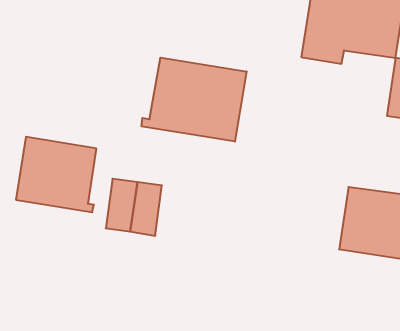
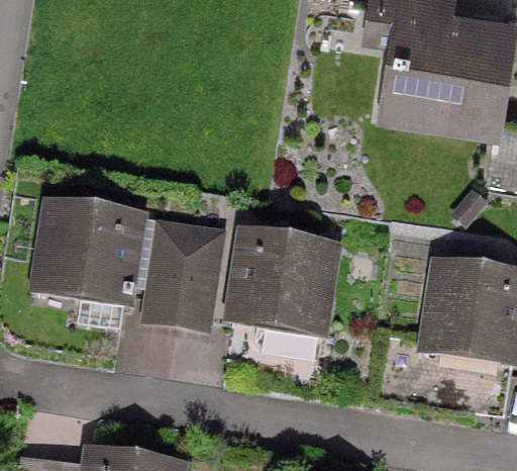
building: [142,58,247,142] -> none
building: none -> [237,232,334,356]

